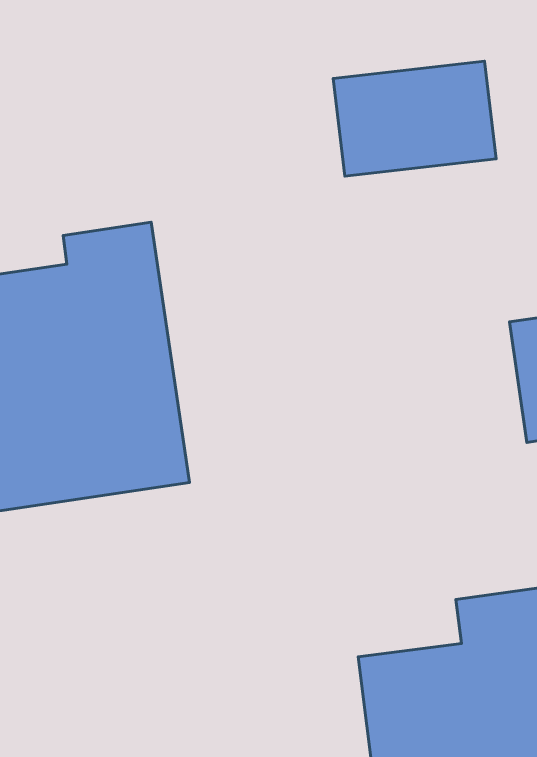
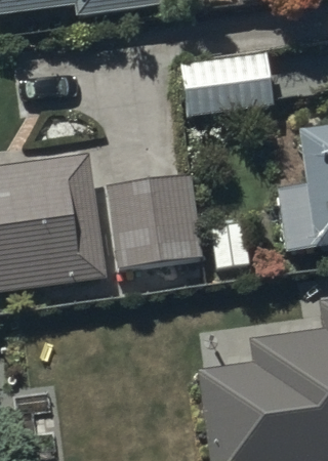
building: none -> [109,173,201,268]

